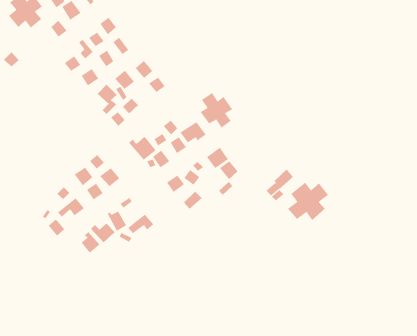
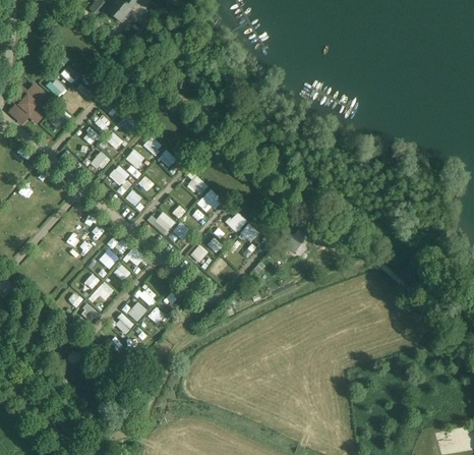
building: [200,92,233,128] -> none
building: [287,182,329,221] -> none

